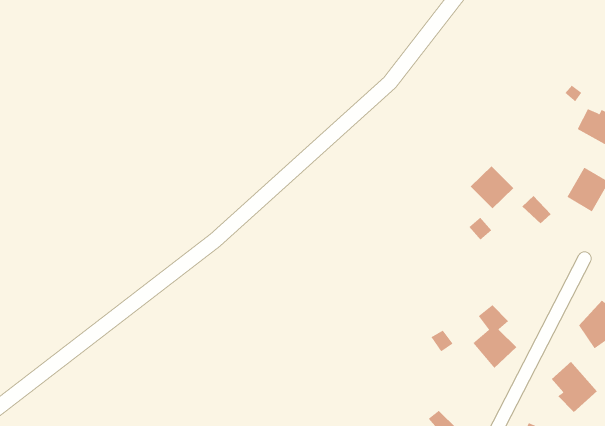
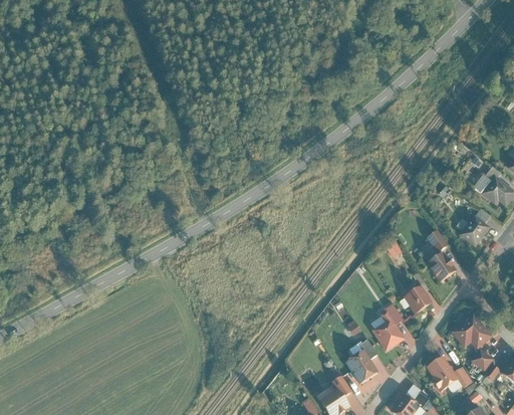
building: [470,165,514,209] -> [426,249,458,281]
building: none -> [403,283,433,314]
building: none -> [346,339,379,384]

